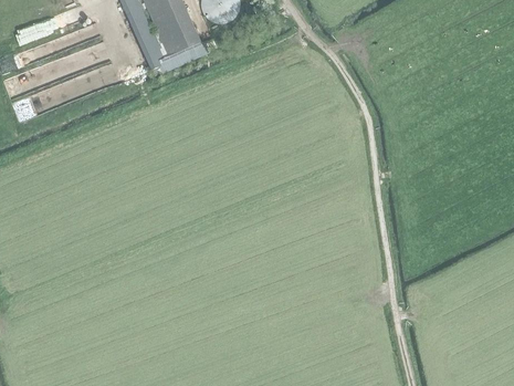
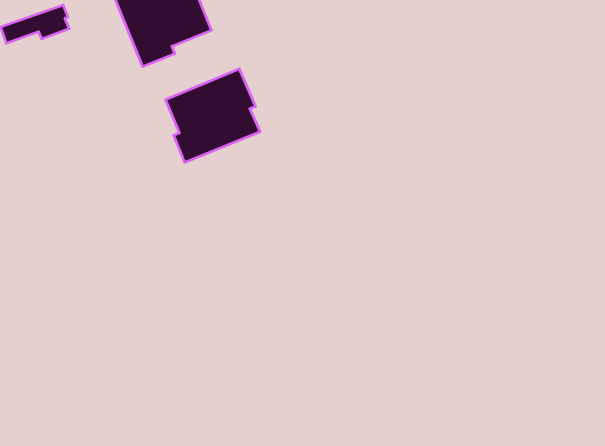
building: none -> [166,69,260,162]

